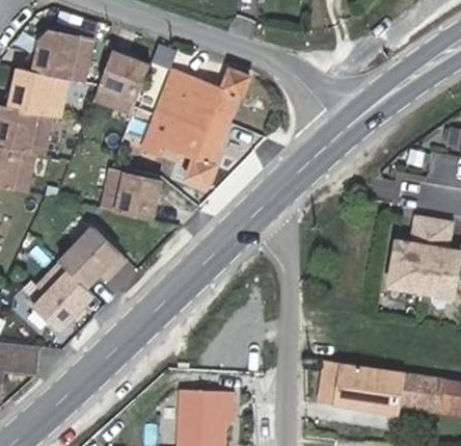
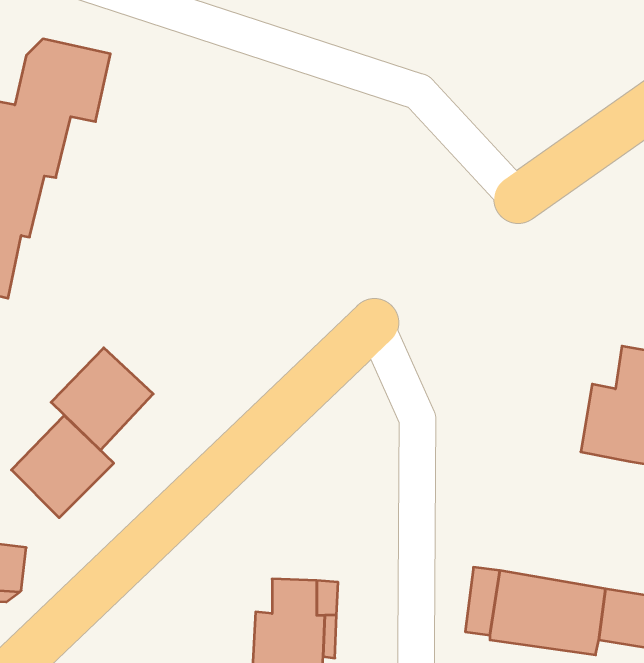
building: [93,50,150,112] -> none
building: [141,70,247,188] -> none
building: [102,169,161,219] -> none

